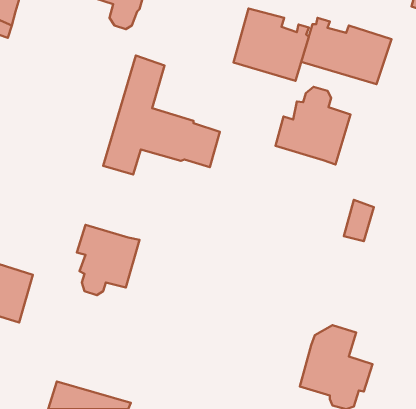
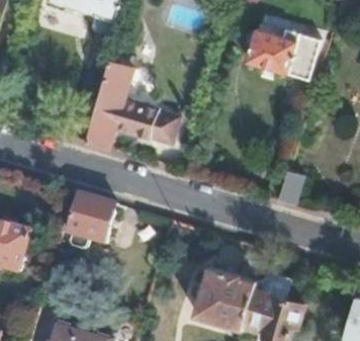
building: [234,8,309,81] -> none
building: [276,87,350,164] -> none
building: none -> [194,244,265,329]

